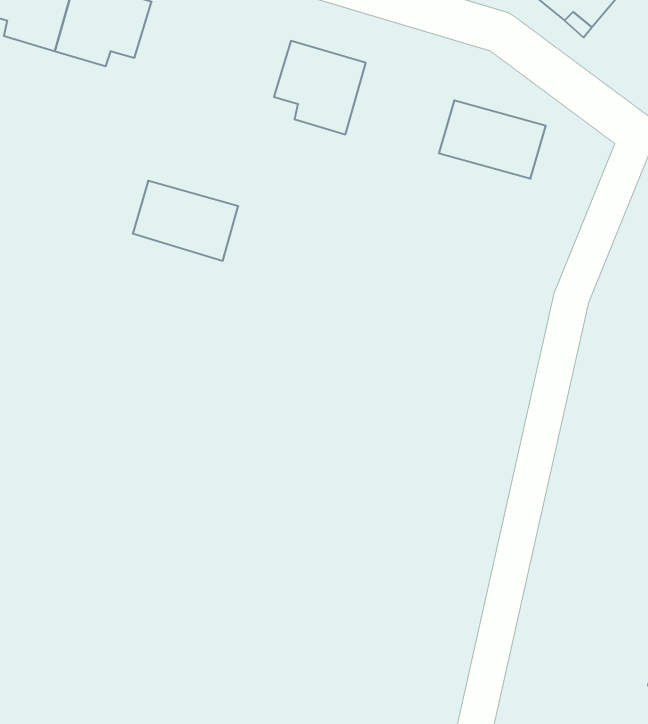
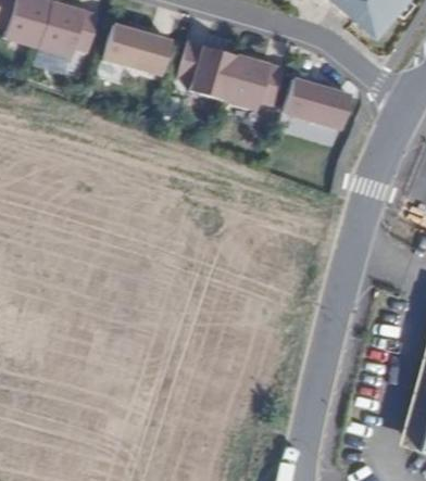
building: none -> [223,54,285,110]
building: [133,181,238,261] -> [103,24,171,75]

